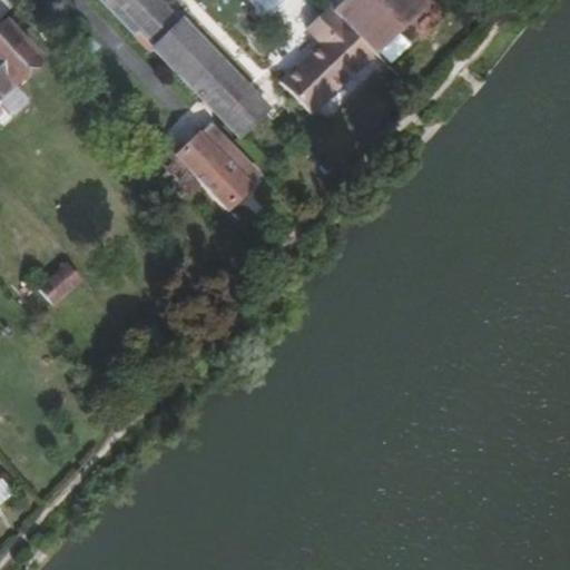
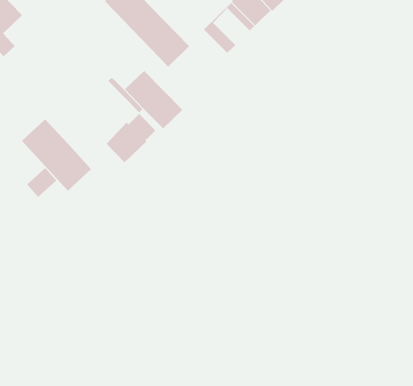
building: [295,48,343,97] -> none
building: none -> [106,113,156,163]
building: none -> [21,118,92,192]

